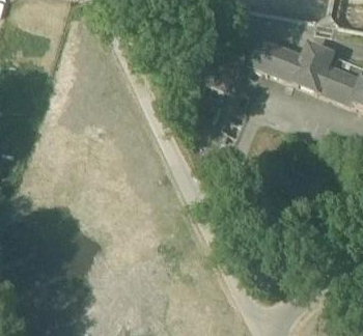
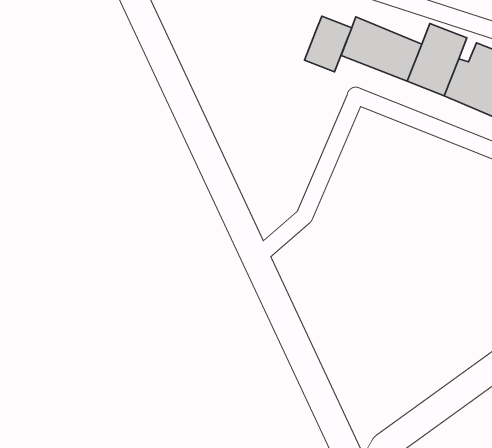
building: none -> [305,16,352,72]

